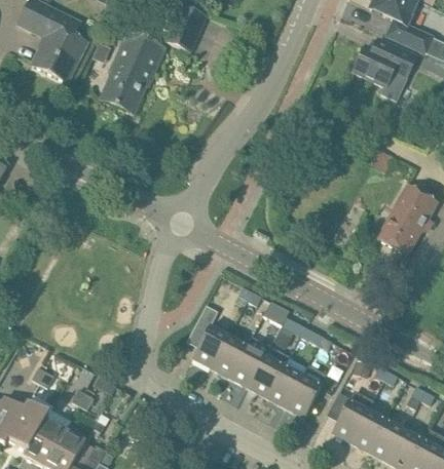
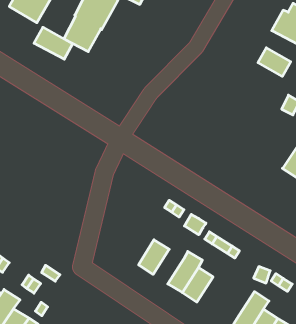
building: none -> [34,27,72,59]
building: none -> [258,48,291,76]
building: [192,326,227,367] -> none
building: [229,337,269,388] -> none
building: [285,365,327,418] -> none

